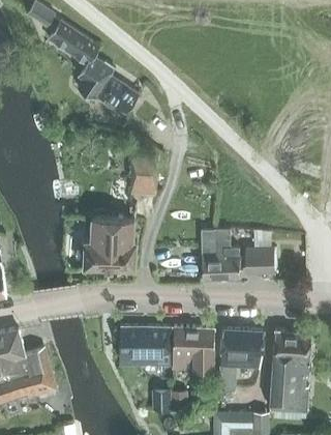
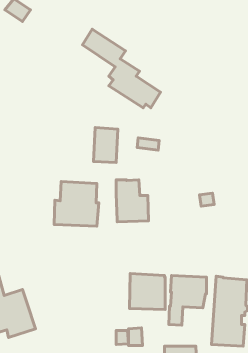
building: [46,20,138,113] -> [83,29,161,108]
building: [201,229,239,279] -> [116,180,149,222]
building: [245,248,274,276] -> none
building: [119,326,171,365] -> none

